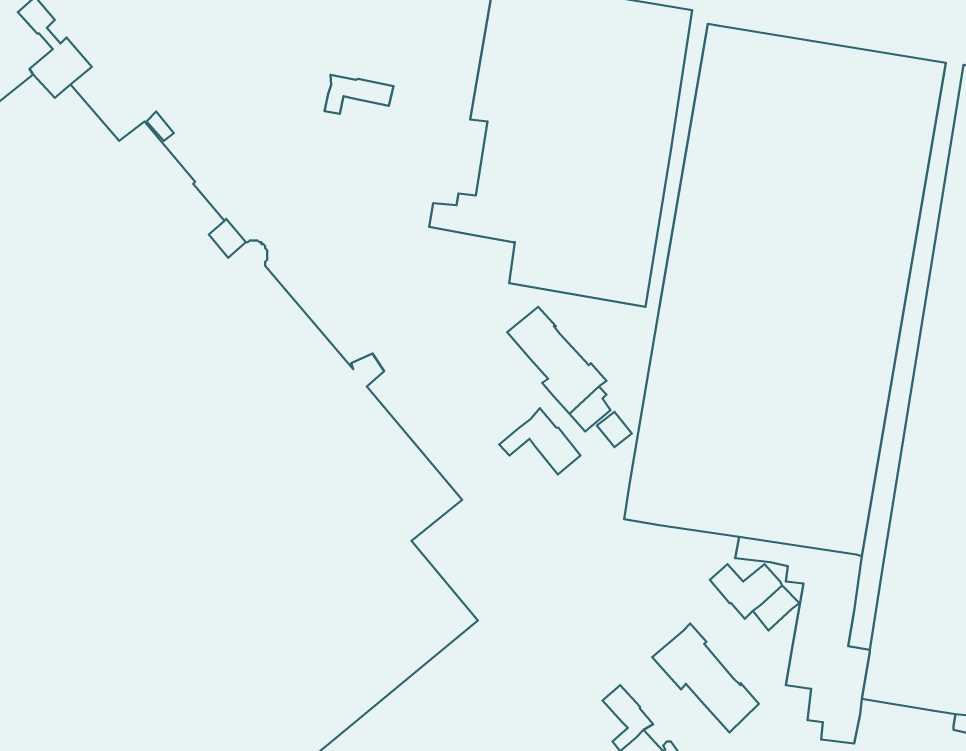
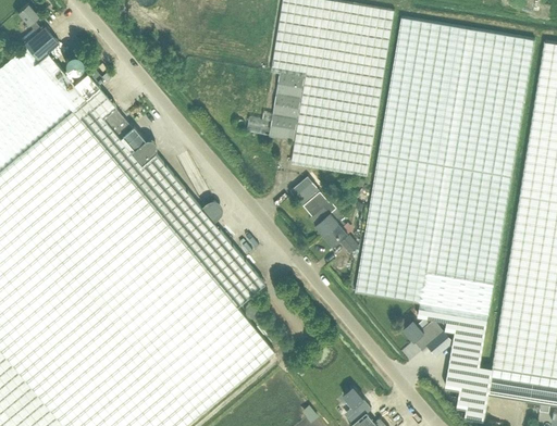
building: [324,75,393,114] -> none
building: [499,408,581,474] -> none
building: [652,623,759,732] -> none

